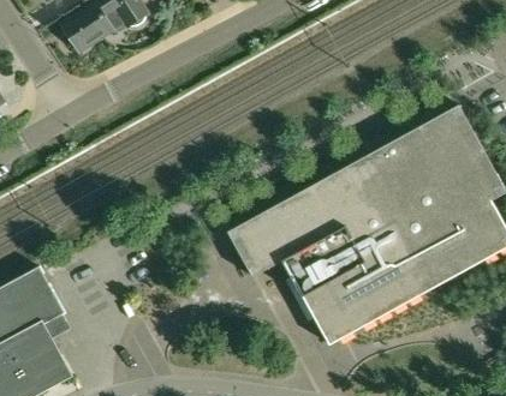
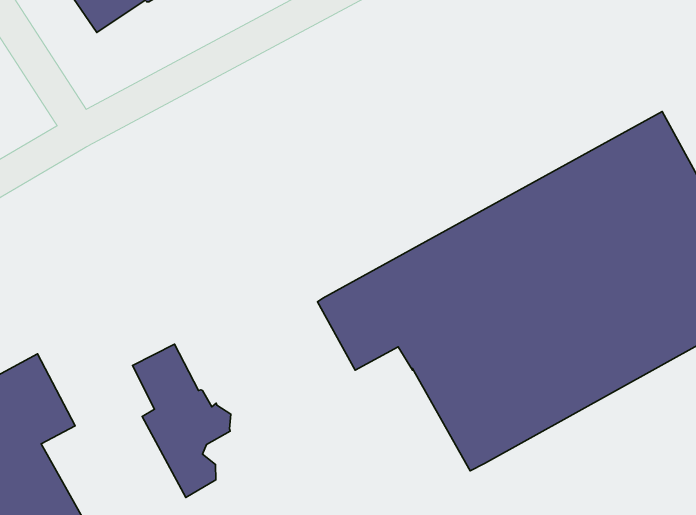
building: none -> [132,344,231,498]

